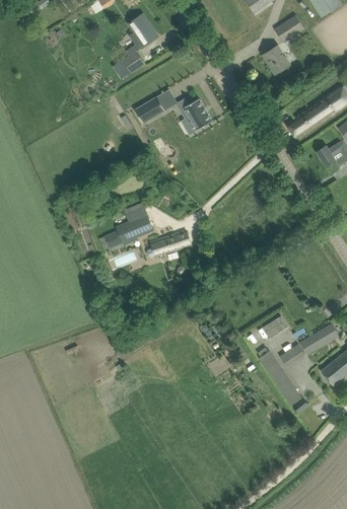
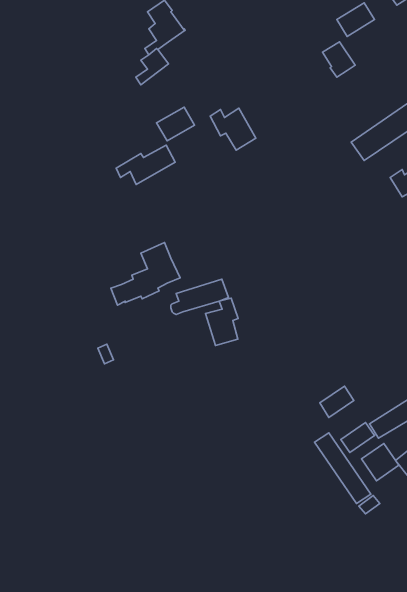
building: none -> [116,145,175,184]
building: none -> [206,298,238,345]
building: none -> [361,444,399,481]

